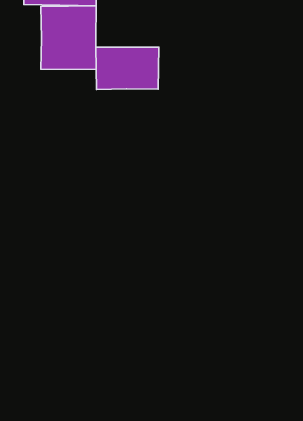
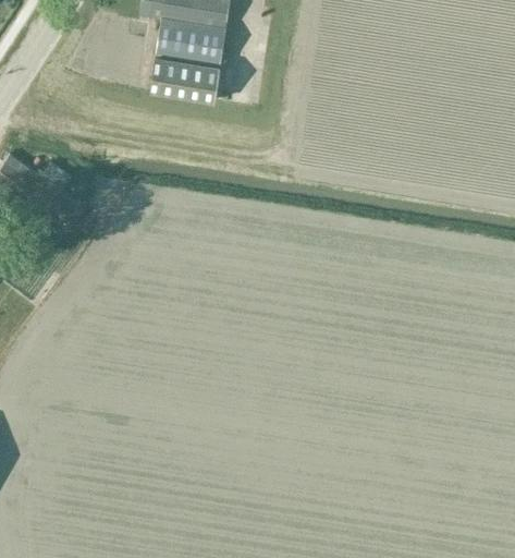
building: [96,47,159,89] -> none

